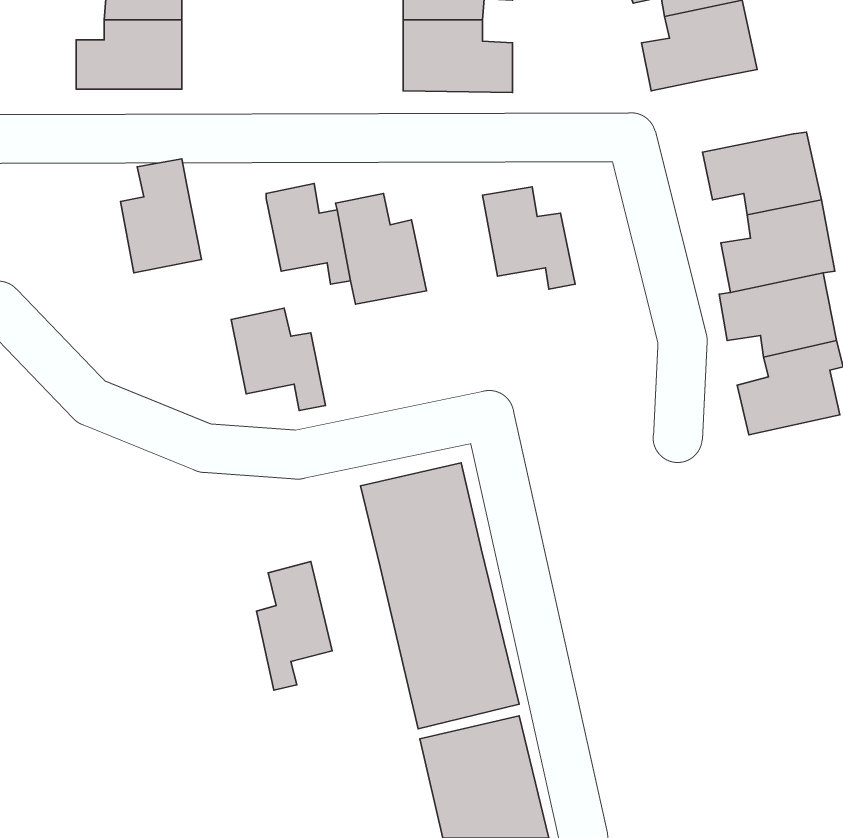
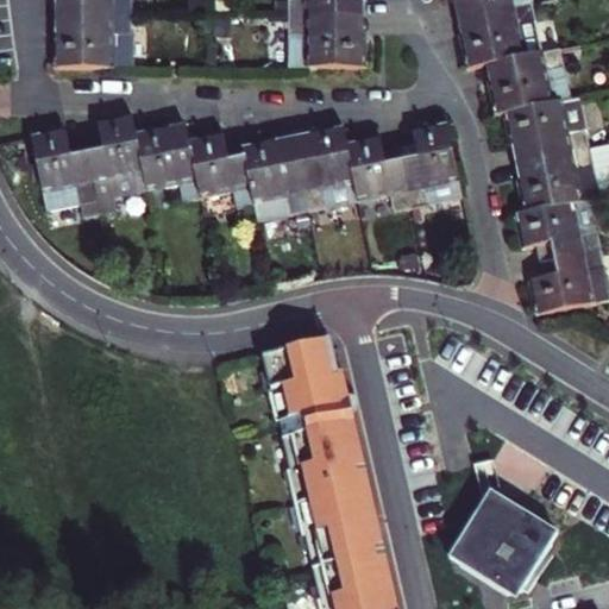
building: none -> [490,46,571,112]
building: none -> [403,123,463,205]
building: none -> [296,125,358,209]
building: none -> [33,127,96,206]
building: [231,308,326,411] -> [134,125,202,199]
building: [257,562,332,690] -> none
building: none -> [460,495,550,590]

